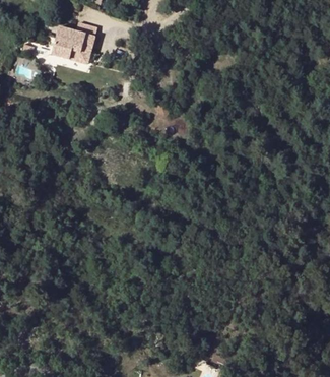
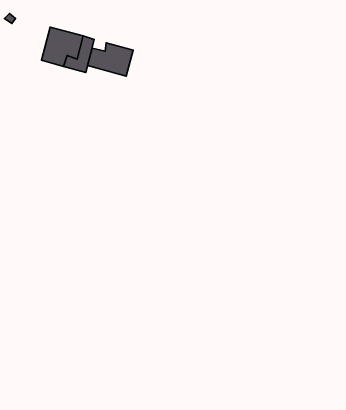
building: none -> [88,43,133,76]

